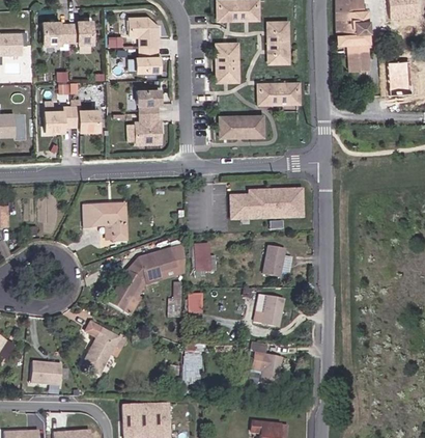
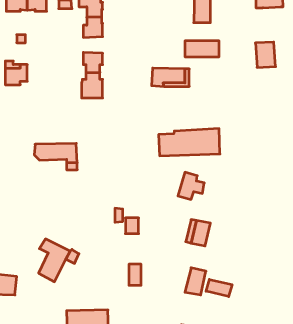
building: [349,42,373,72] -> [255,42,276,67]
building: [215,44,236,80] -> none
building: [70,110,96,135] -> none
building: [195,241,212,269] -> none
building: [113,248,183,303] -> none
building: none -> [206,279,232,297]

